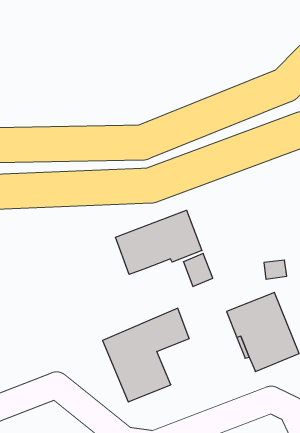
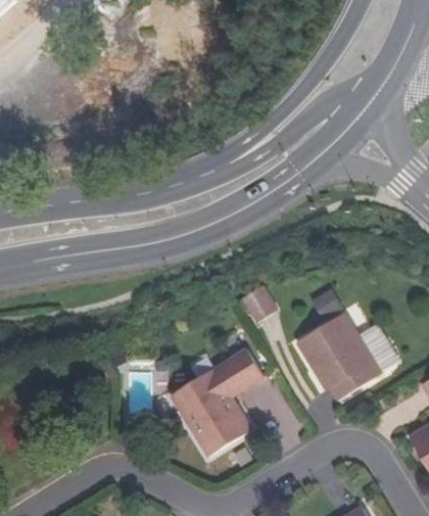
building: [116,210,202,274] -> none

